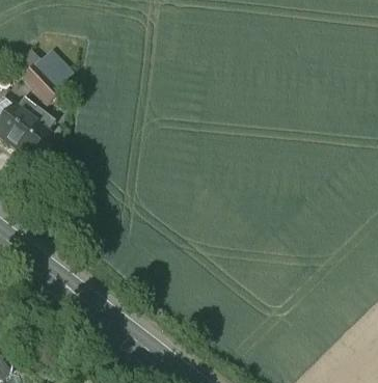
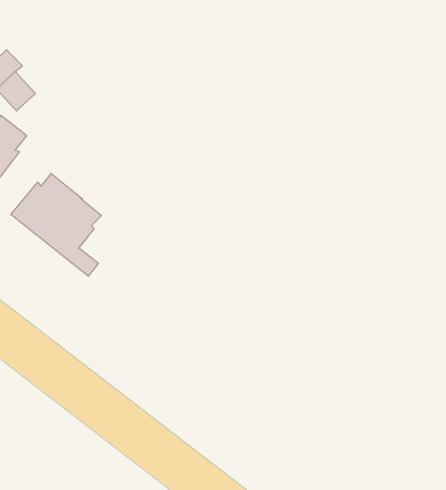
building: none -> [11,173,101,276]

